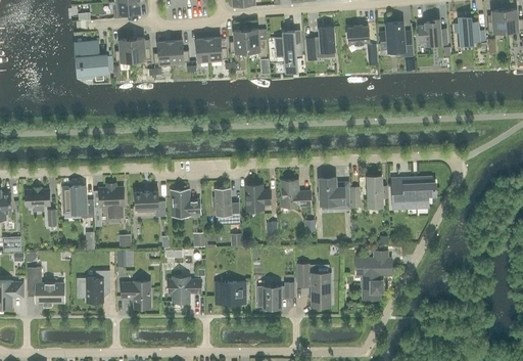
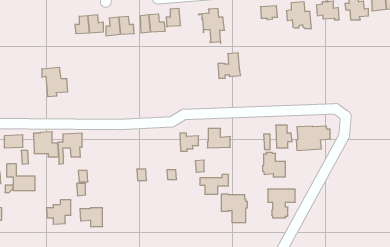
building: [306,28,335,59] -> [218,53,241,78]
building: [245,30,266,57] -> none
building: [75,42,107,79] -> [42,67,68,97]
building: [319,177,347,208] -> [263,153,285,177]
building: [212,189,239,224] -> none
building: [173,191,199,215] -> none
building: [135,192,165,217] -> none
building: [28,269,63,303] -> [7,164,35,191]
building: [169,277,200,302] -> none
building: [217,282,244,305] -> none
building: [257,283,293,308] -> [200,175,228,194]

